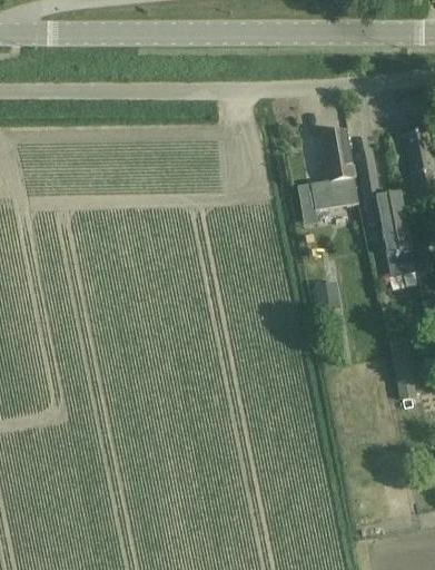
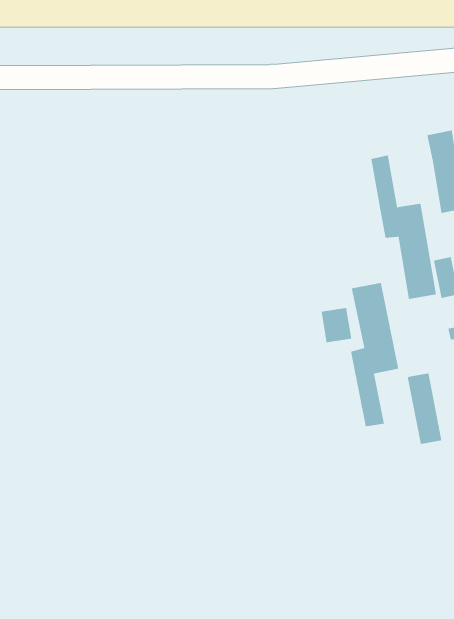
building: [310,128,357,208] -> none
building: none -> [351,282,399,427]

